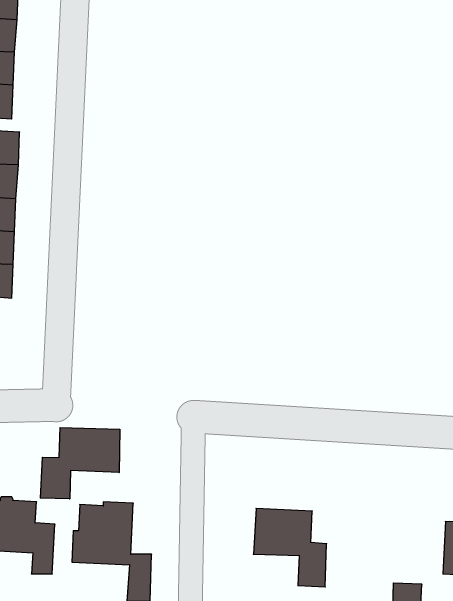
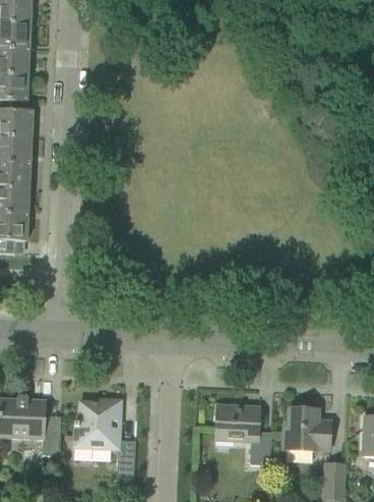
building: [40,428,120,499] -> none
building: none -> [284,407,330,450]

